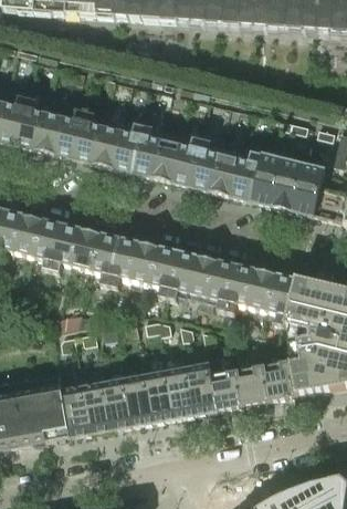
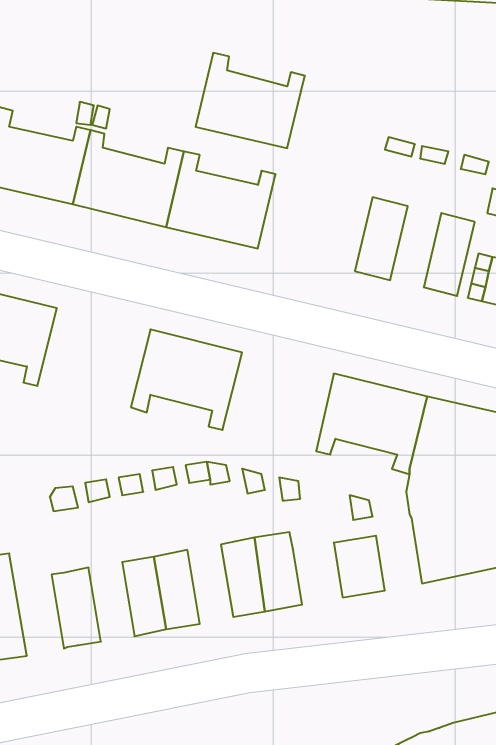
building: [191,138,260,198] -> [196,53,305,148]
building: [274,158,306,209] -> none
building: [53,222,124,284] -> none
building: [169,250,239,312] -> none
building: [265,361,294,399] -> none
building: [213,370,244,408] -> none
building: [147,371,176,420] -> none
building: [35,372,70,440] -> none
building: [85,382,114,432] -> none

